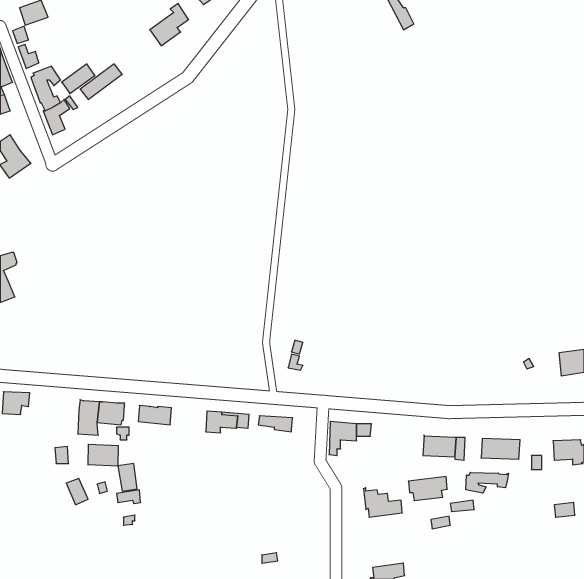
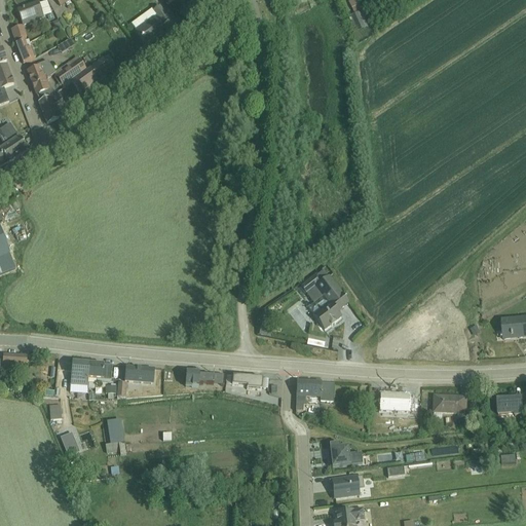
building: none -> [301,268,348,328]
building: [88,444,118,466] -> none
building: [466,472,509,493] -> none
building: [408,477,447,501] -> [329,475,364,496]

